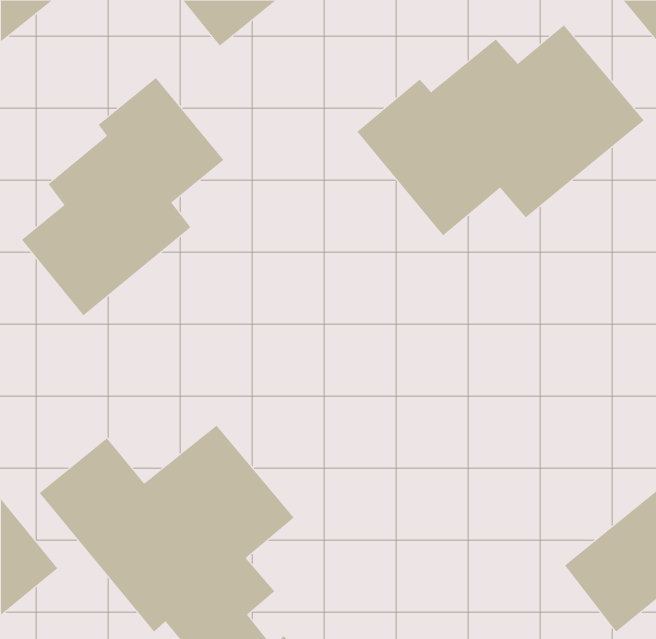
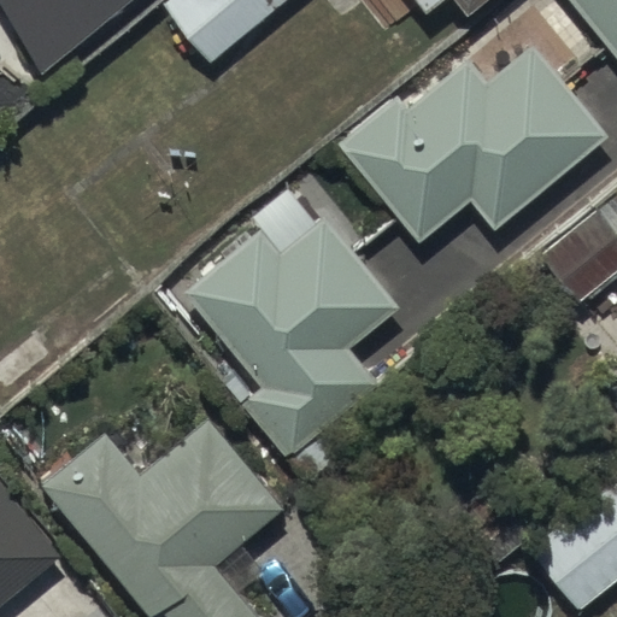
building: [21,77,224,316] -> none
building: none -> [183,212,399,456]

